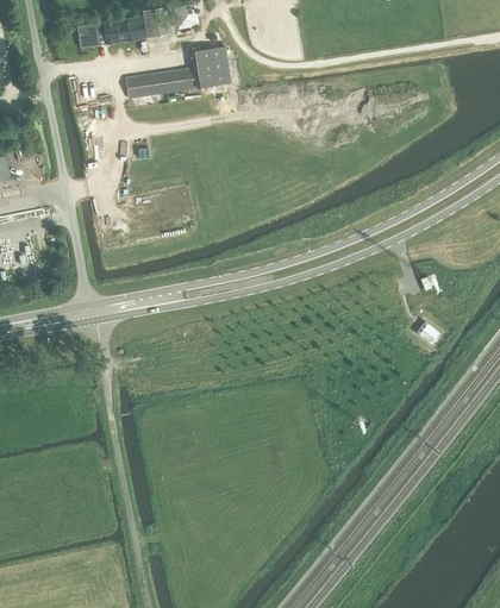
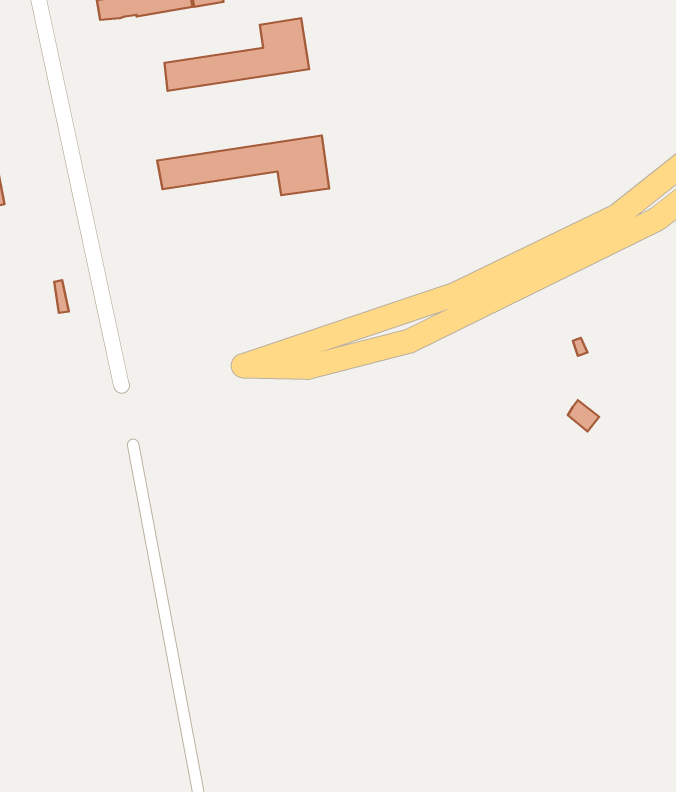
building: none -> [157,135,329,195]

